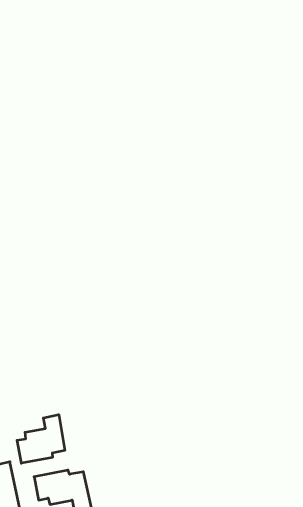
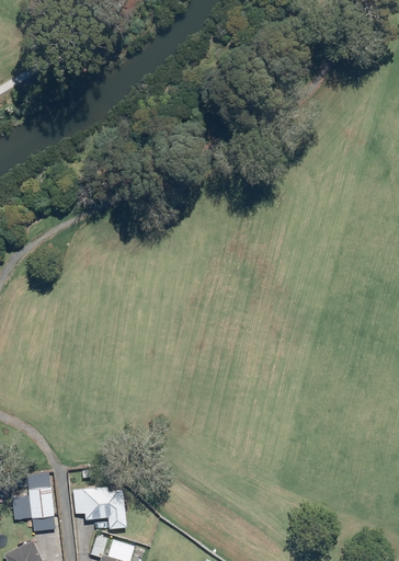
building: [17,415,65,463] -> none

